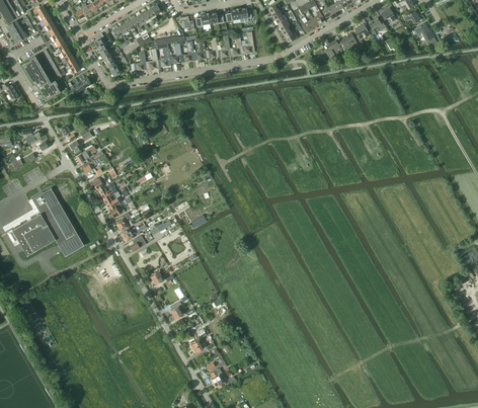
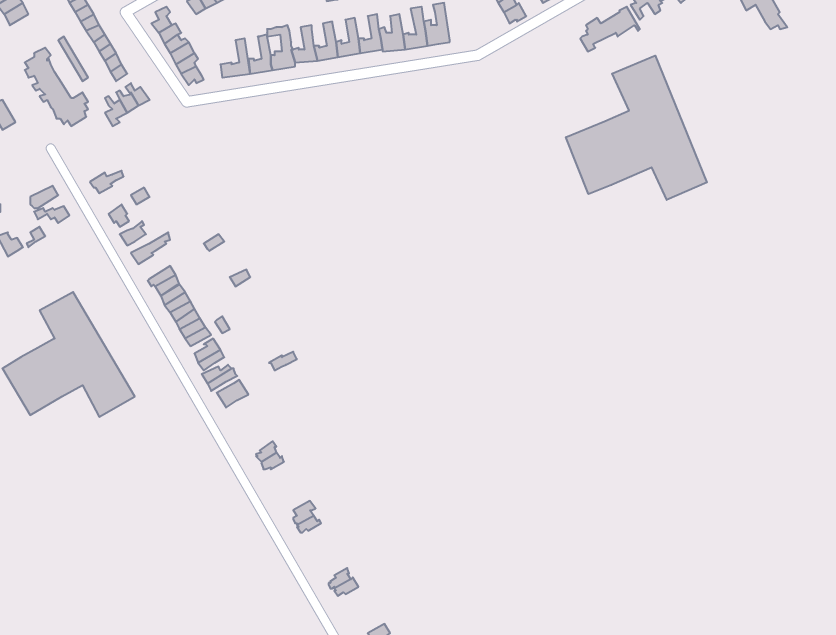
building: none -> [566,56,707,200]

